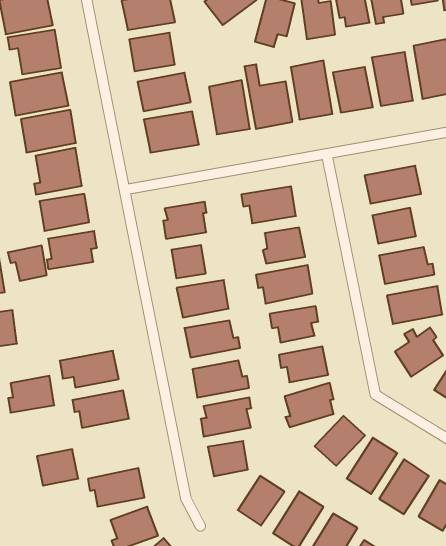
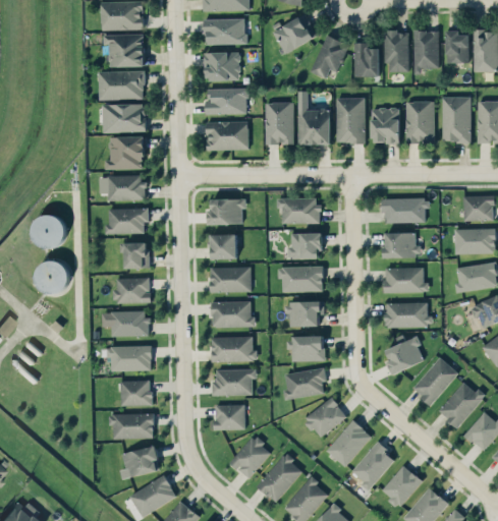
building: [8,246,47,281] -> [119,242,149,269]
building: [8,376,54,413] -> [112,277,150,302]
building: [37,449,78,486] -> [120,380,152,406]

